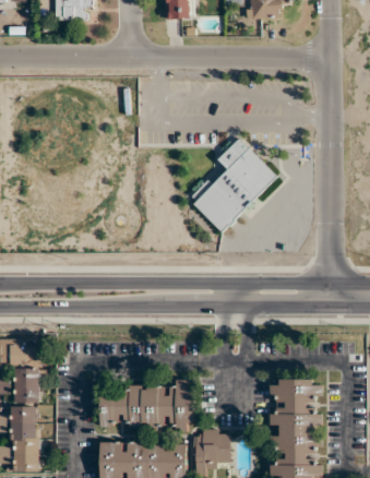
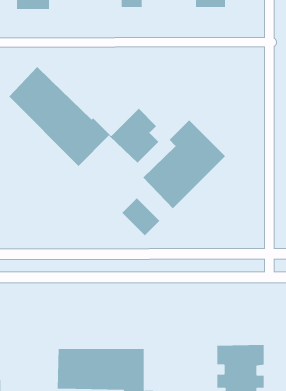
building: none -> [8,66,159,167]
building: none -> [121,197,160,236]

